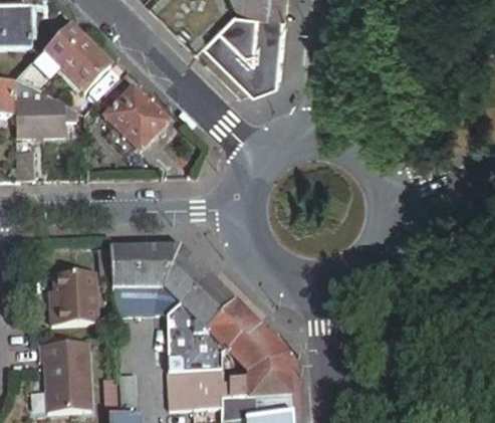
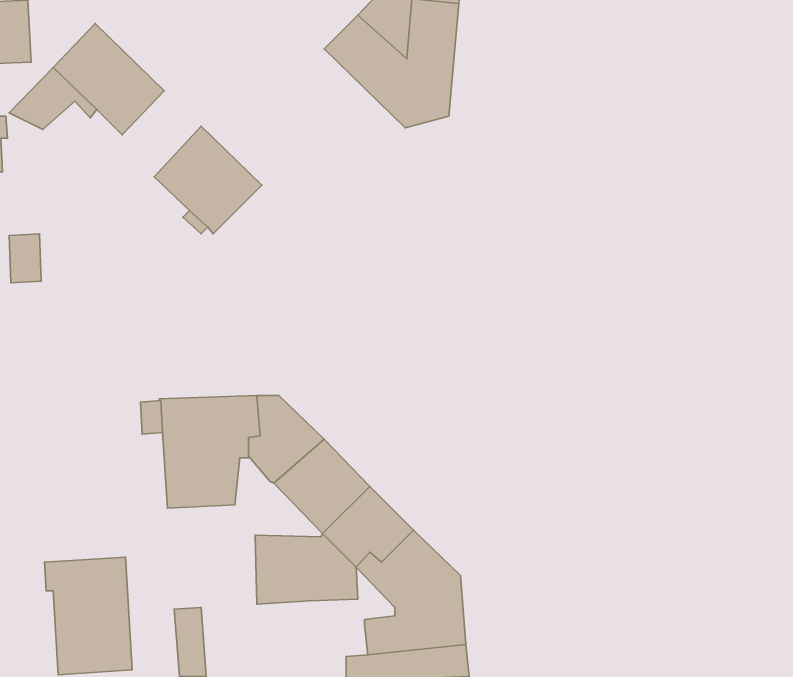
building: [17,94,77,136] -> none
building: [48,273,98,326] -> none
building: [164,299,205,332] -> none
building: [166,370,232,408] -> none

